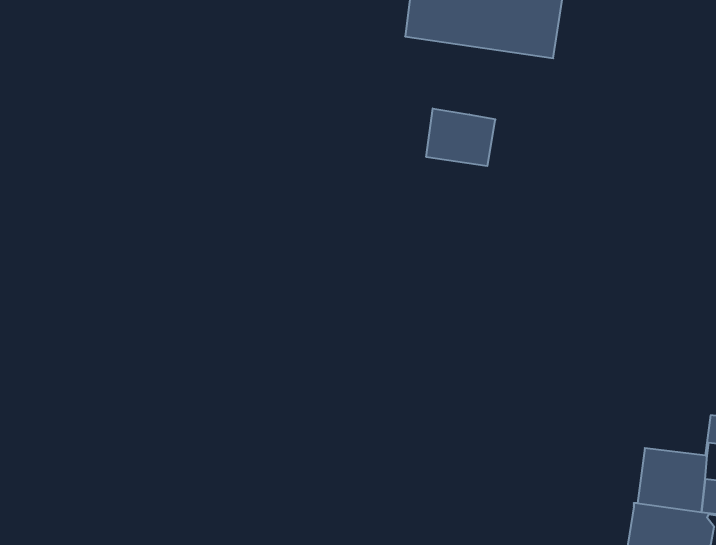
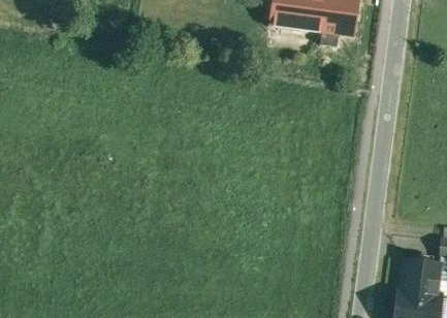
building: [426,108,495,166] -> none

